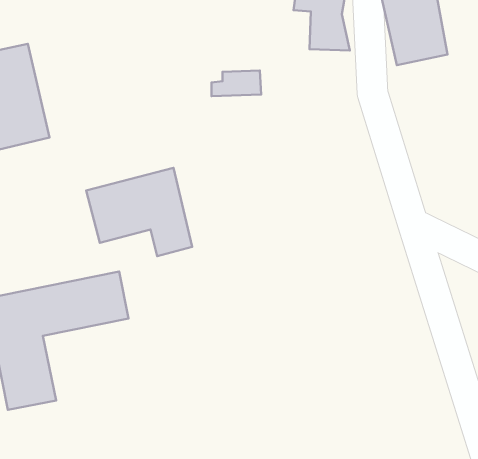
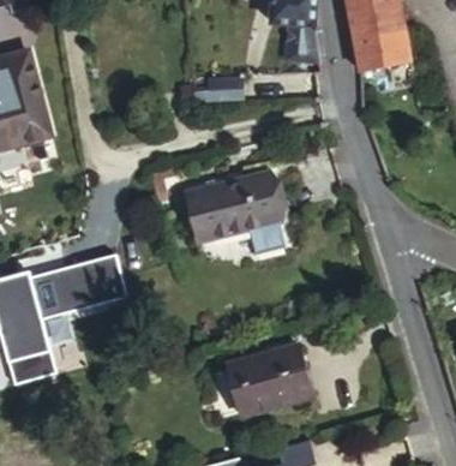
building: [86,168,192,256] -> [192,172,287,251]
building: none -> [227,346,312,417]

